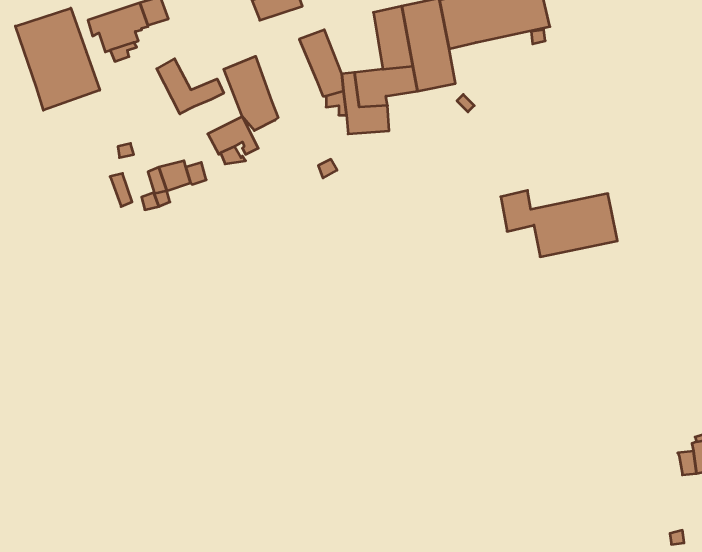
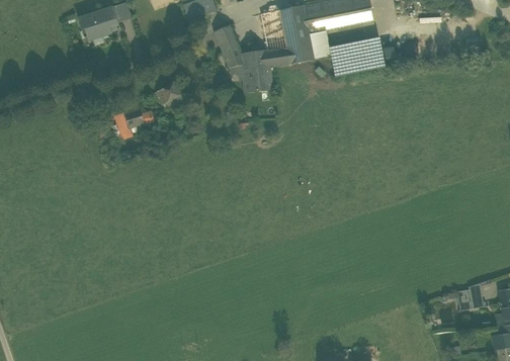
building: [15,8,100,110] -> none
building: [224,56,278,131] -> none
building: [157,59,224,114] -> none
building: [501,190,617,257] -> [310,32,385,75]

